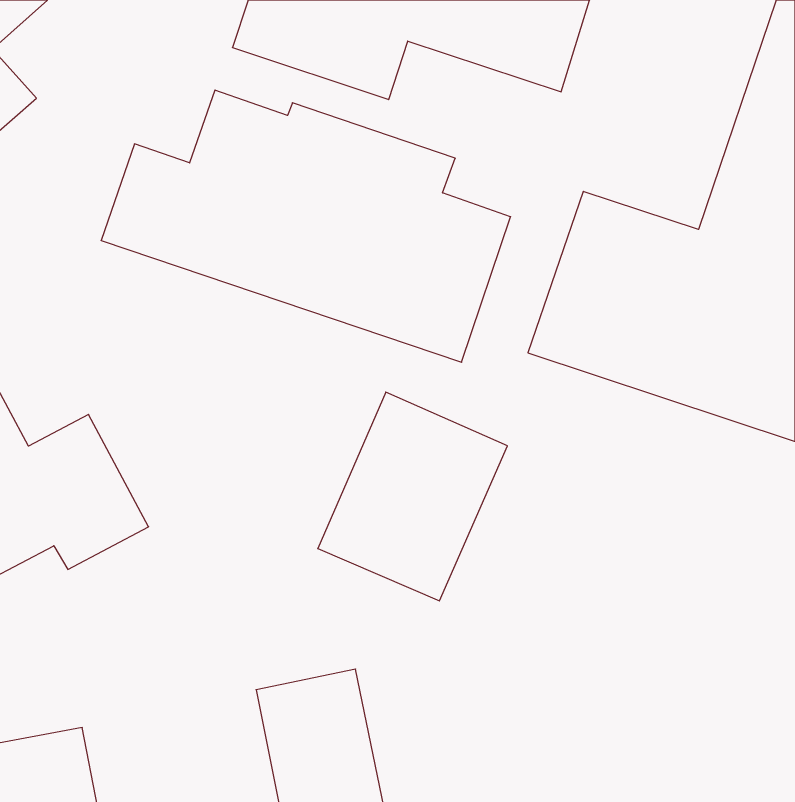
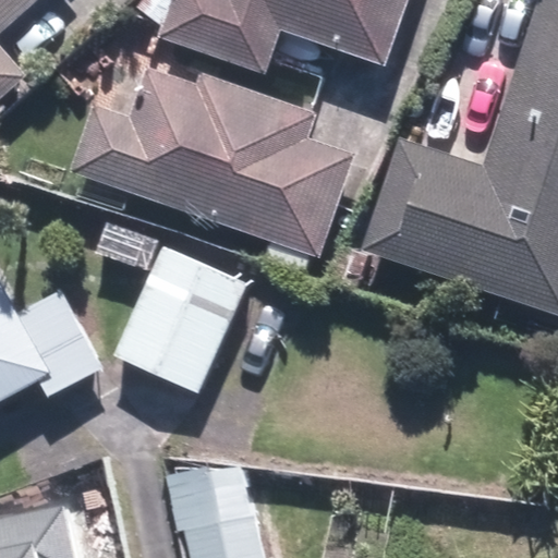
building: [318,392,507,601] -> [116,246,246,390]

